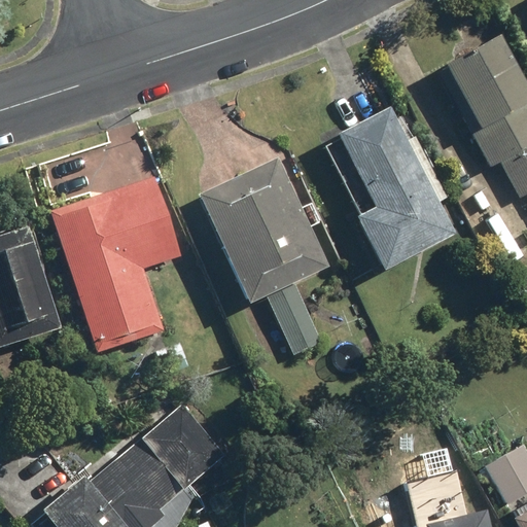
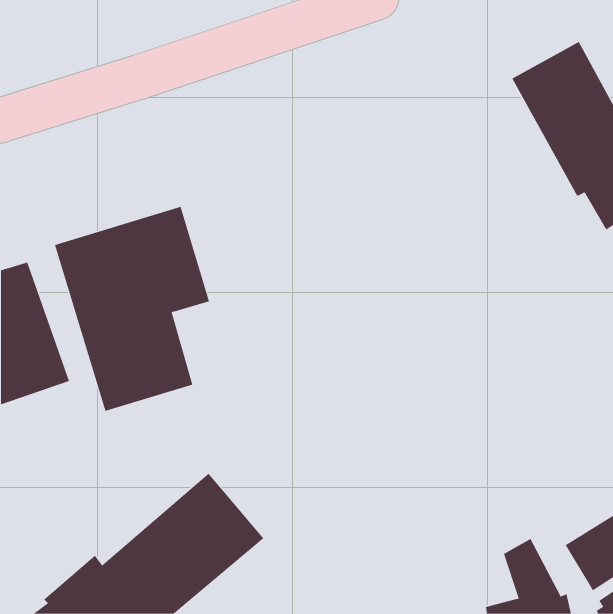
building: [337,107,455,274] -> none
building: [196,156,329,357] -> none

